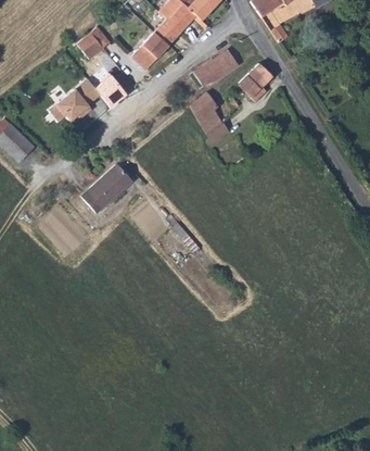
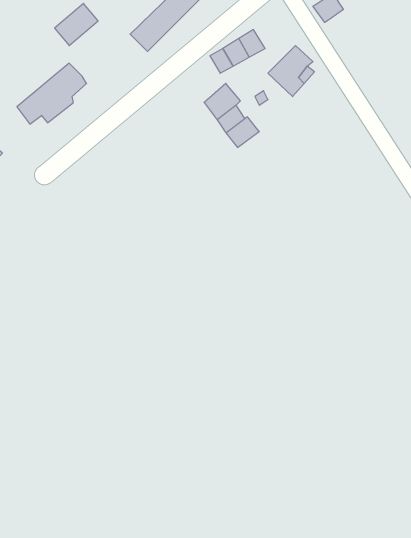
building: [98,74,129,109] -> none
building: [81,162,135,213] -> none

